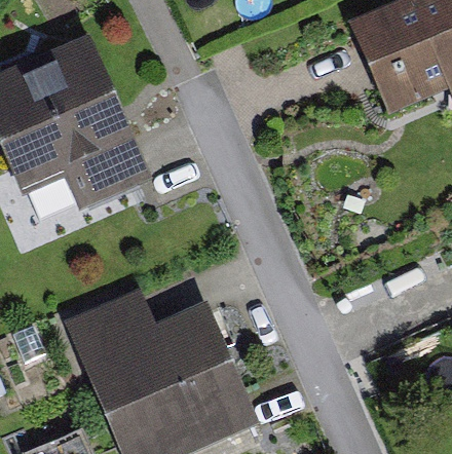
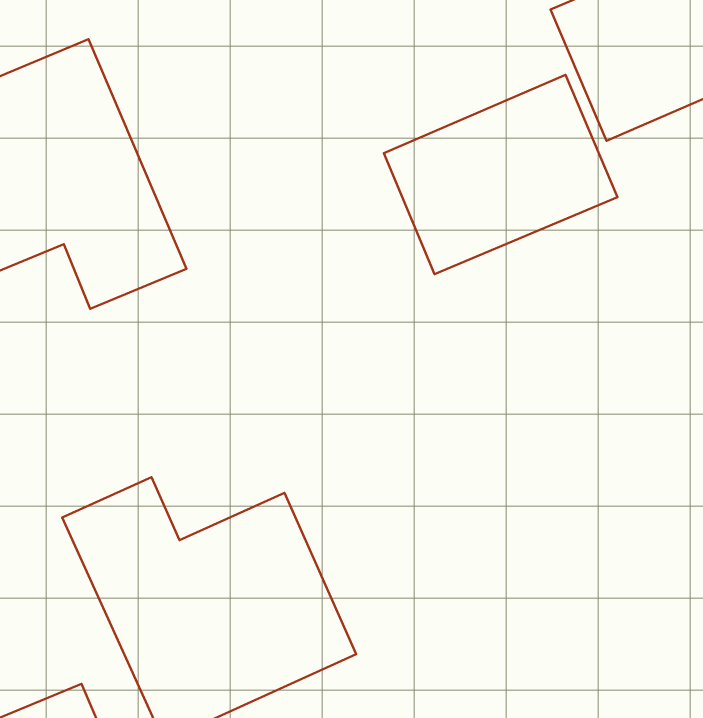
building: none -> [384,75,617,274]

